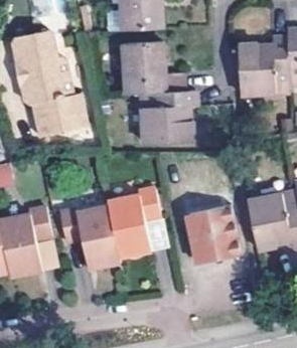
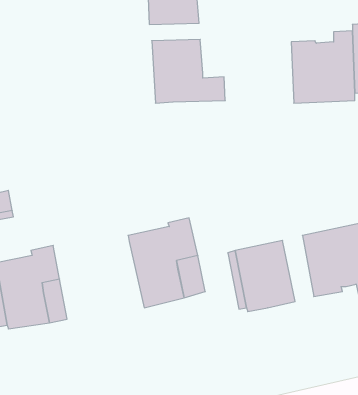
building: [10,33,80,140] -> none
building: [142,91,197,142] -> none
building: [59,204,120,269] -> none

